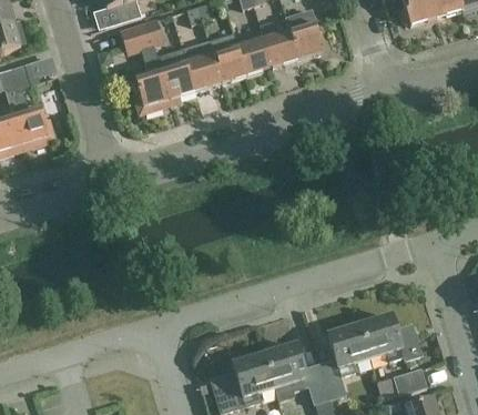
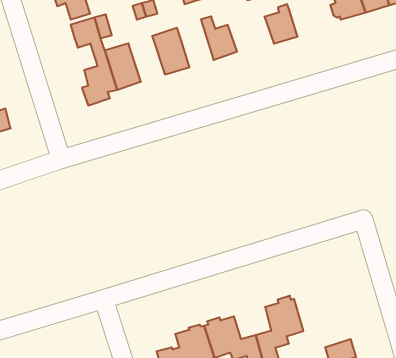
building: [288,16,324,58] -> [264,4,298,44]
building: [238,38,273,74] -> none
building: [182,41,221,90] -> none
building: [359,313,421,360] -> none

